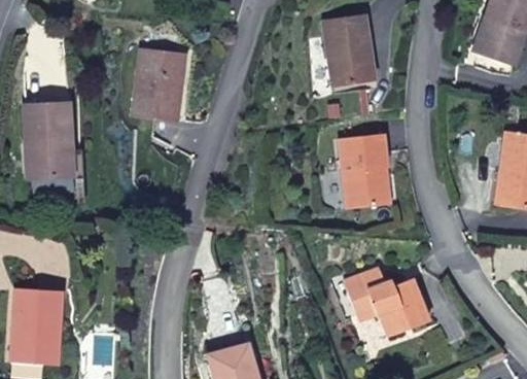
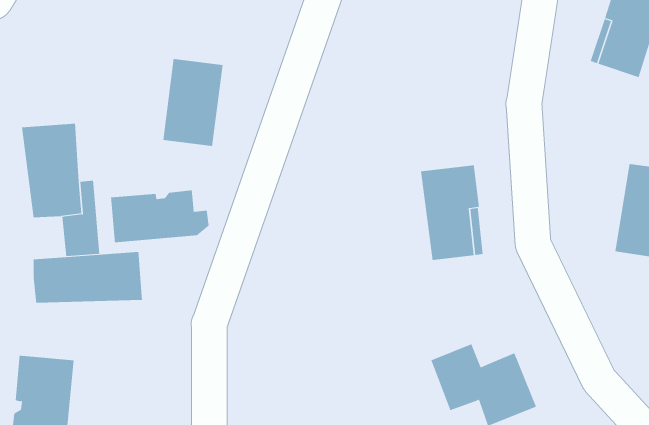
building: [320,12,371,83] -> none
building: none -> [110,190,209,243]
building: none -> [33,251,142,304]

